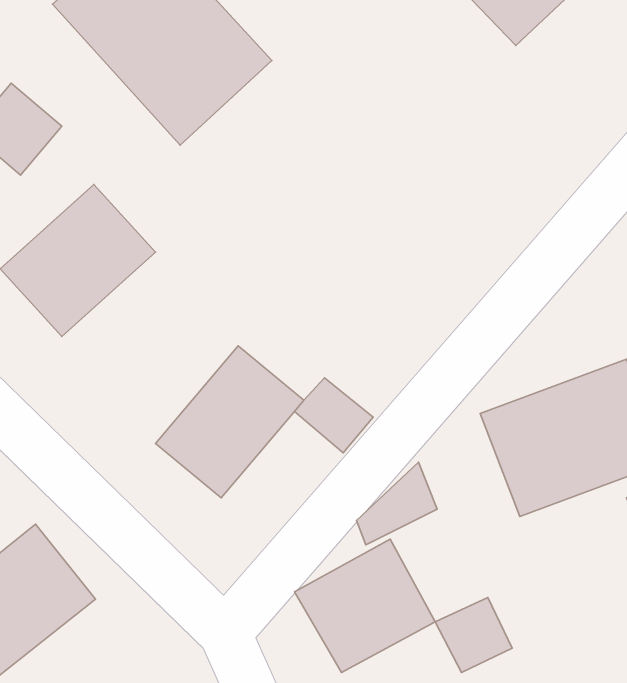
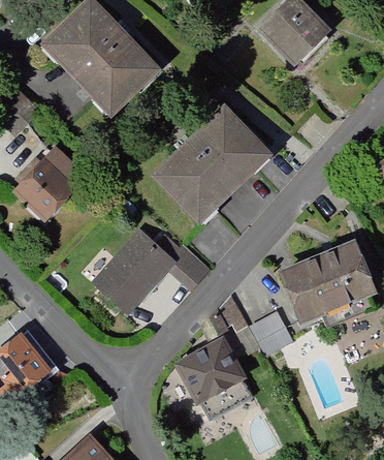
building: none -> [149,108,270,228]
building: [435,597,512,672] -> [254,313,296,355]

